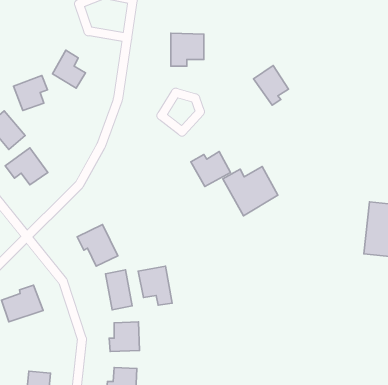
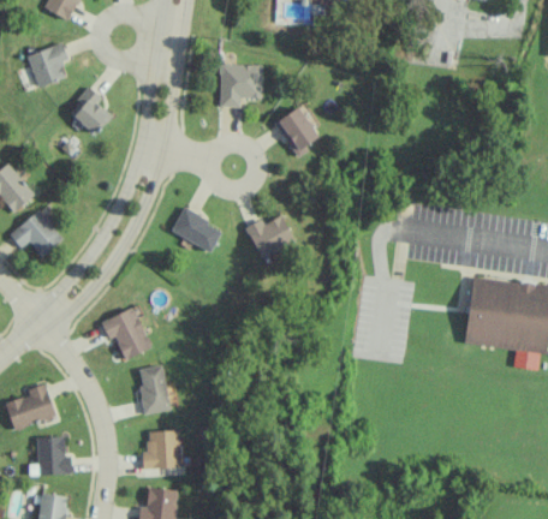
building: [253,66,288,105] -> [274,107,318,157]
building: [14,76,48,111] -> [26,43,70,88]
building: none -> [172,209,224,252]
building: [223,167,278,216] -> none
building: [138,266,172,305] -> none
building: none -> [29,437,72,476]

